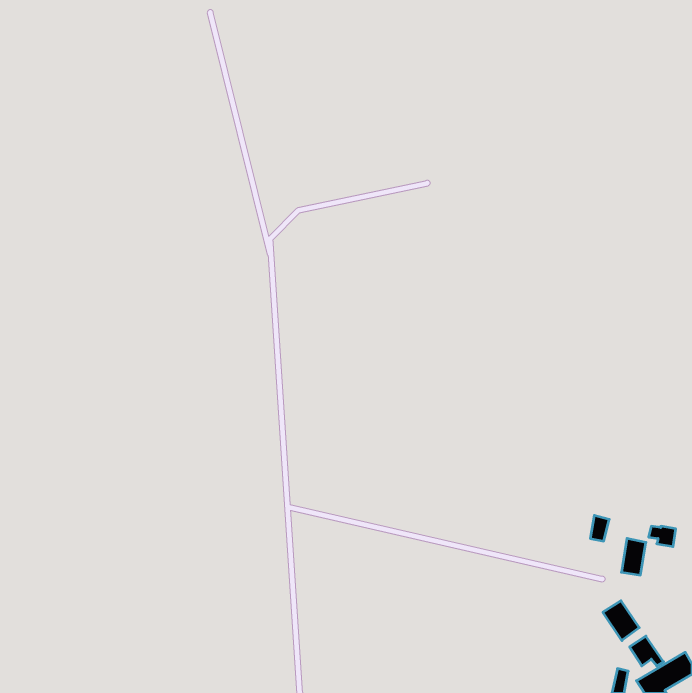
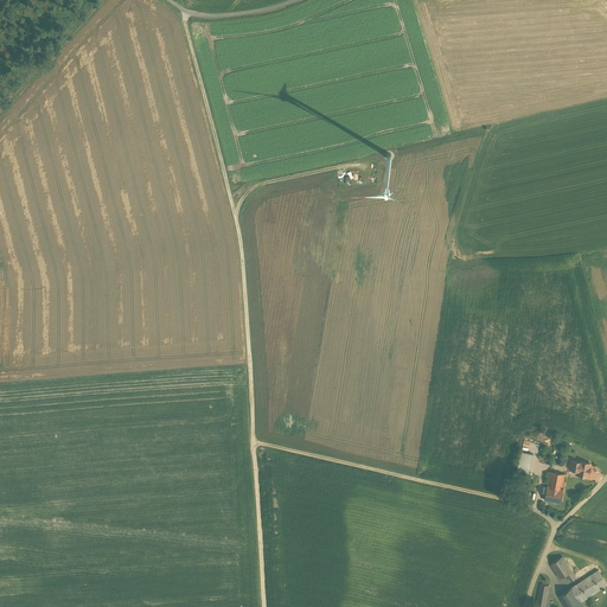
building: [603,601,639,641] -> none

